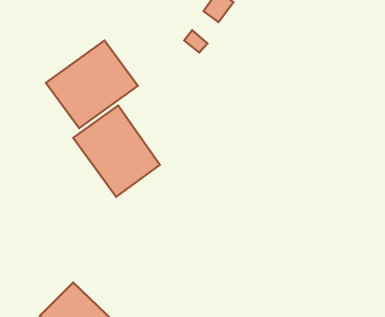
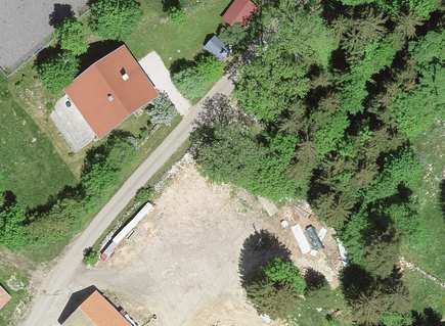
building: [73,106,160,197] -> none

